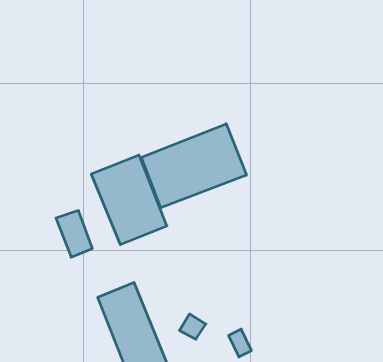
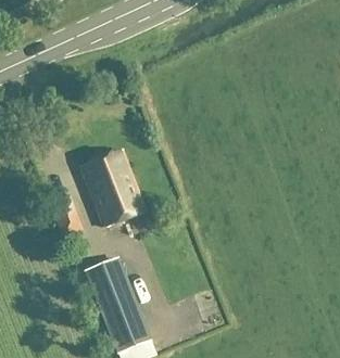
building: [141,124,246,208] -> none

